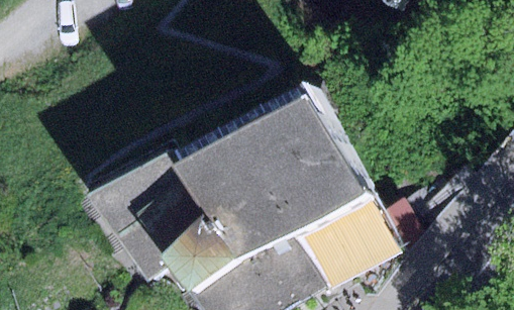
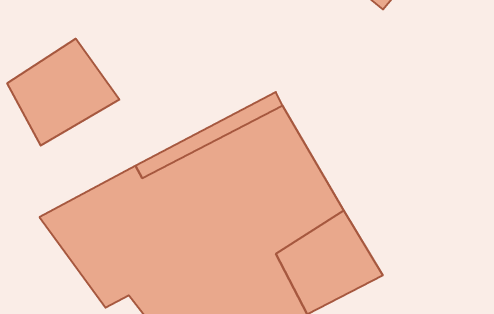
building: none -> [7,39,119,146]

